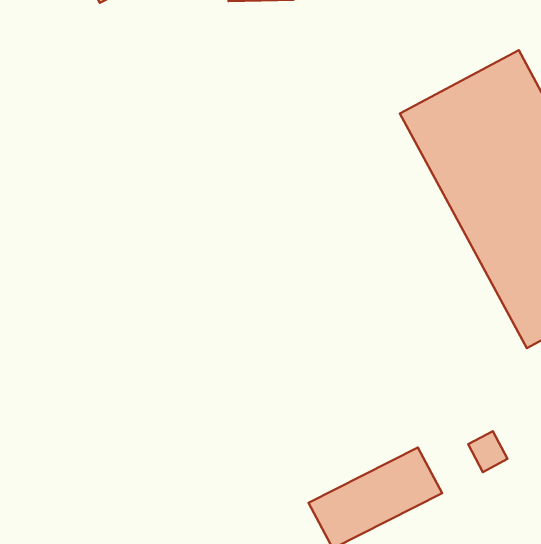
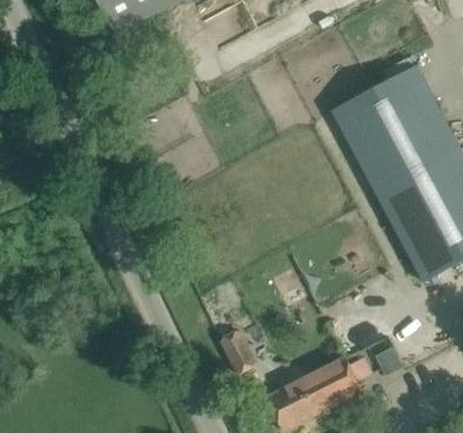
building: none -> [220,330,256,374]

